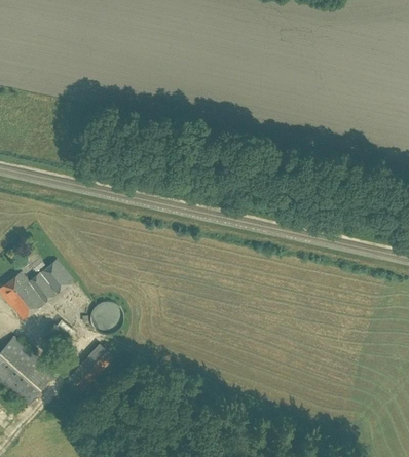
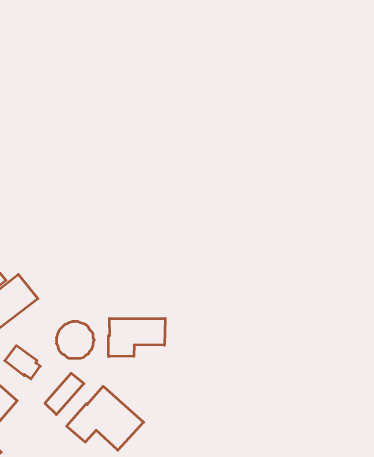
building: none -> [109,318,165,357]
building: none -> [67,386,144,450]

